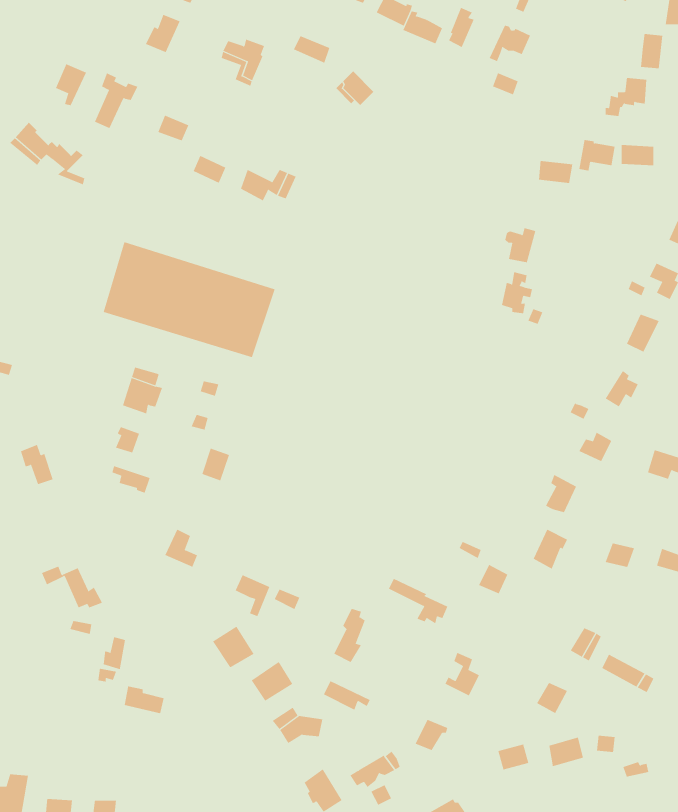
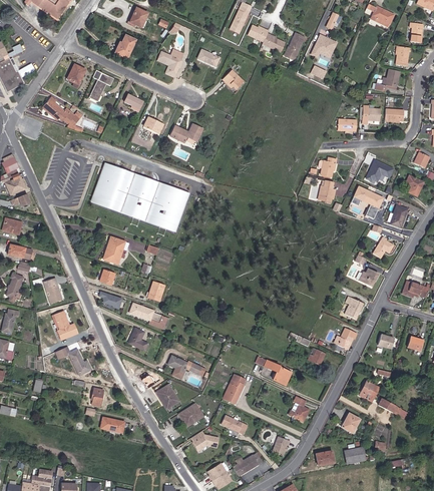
building: none -> [367,160,396,185]
building: none -> [352,186,385,219]
building: none -> [129,303,163,331]
building: none -> [54,312,79,341]

